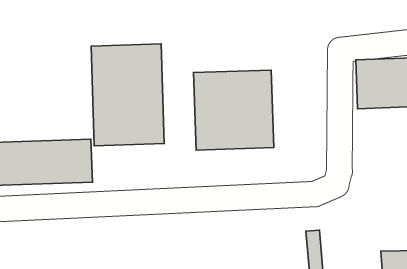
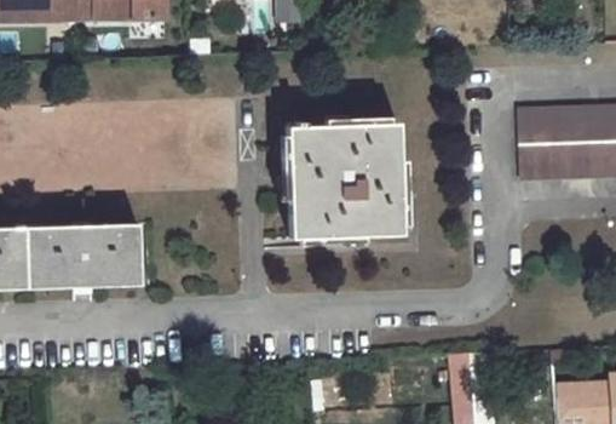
building: [91,44,164,146] -> none

